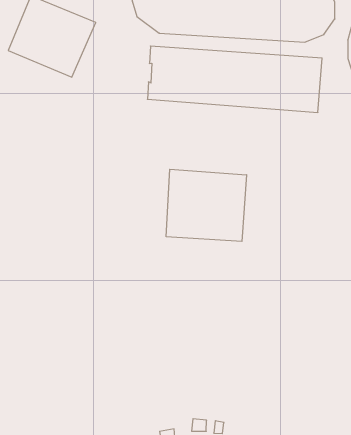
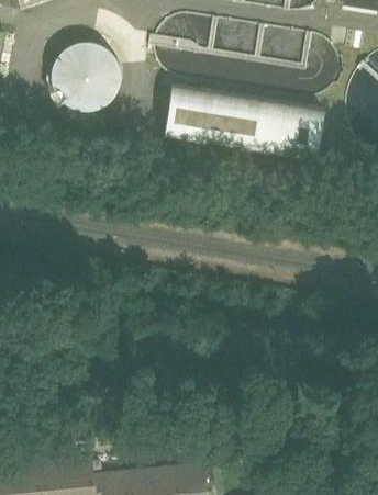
building: [166,169,247,241] -> none

